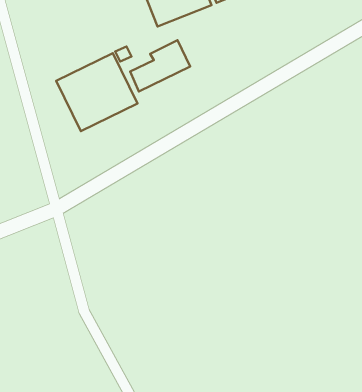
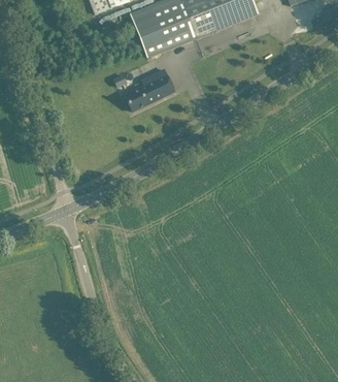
building: [56,53,138,131] -> none

